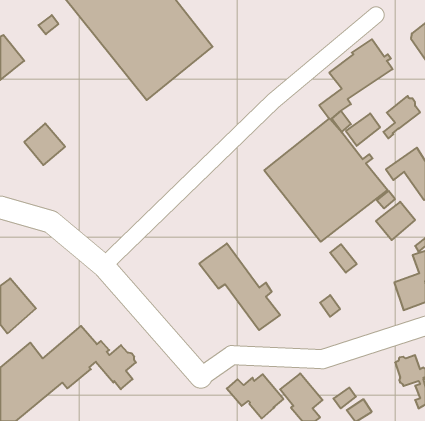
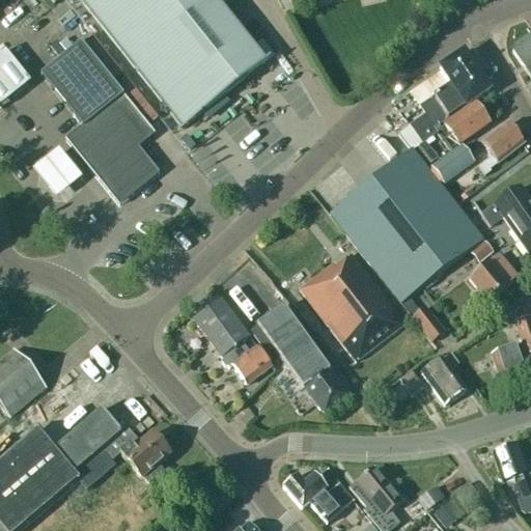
building: none -> [40,39,160,202]
building: none -> [444,101,488,145]
building: none -> [299,250,404,358]
building: none -> [193,296,272,382]
building: none -> [421,350,466,403]

